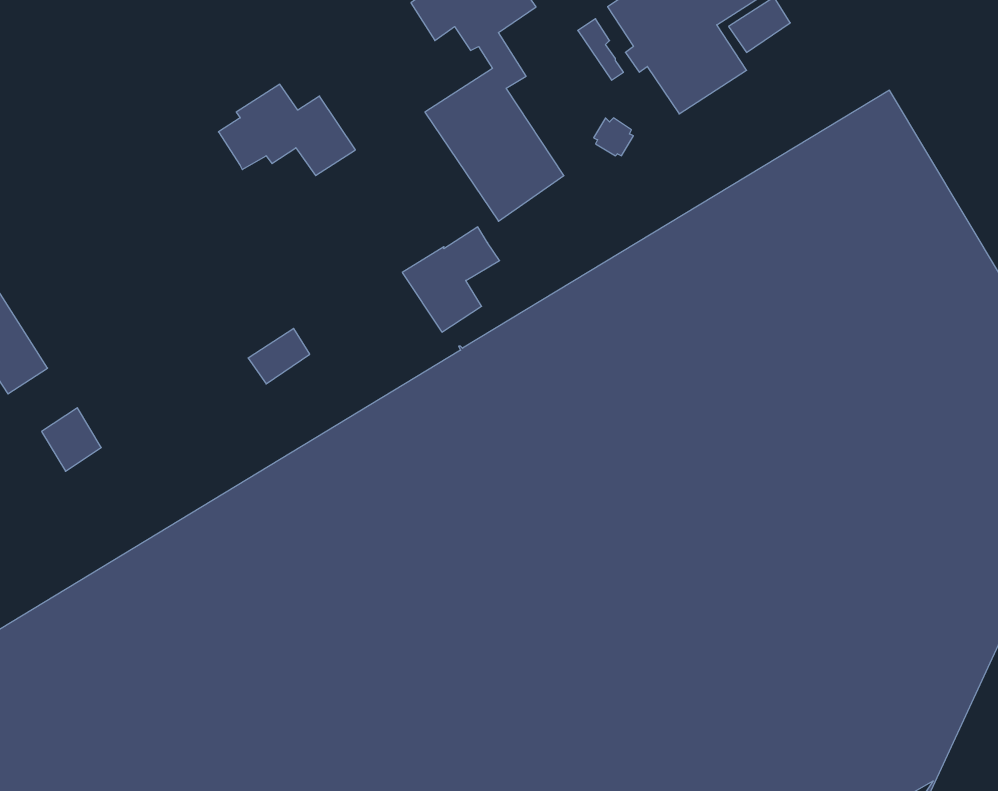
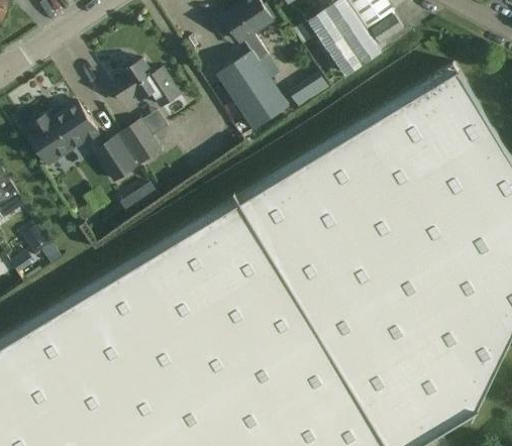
building: none -> [27,103,136,182]
building: [402,227,500,332] -> [120,111,170,164]

